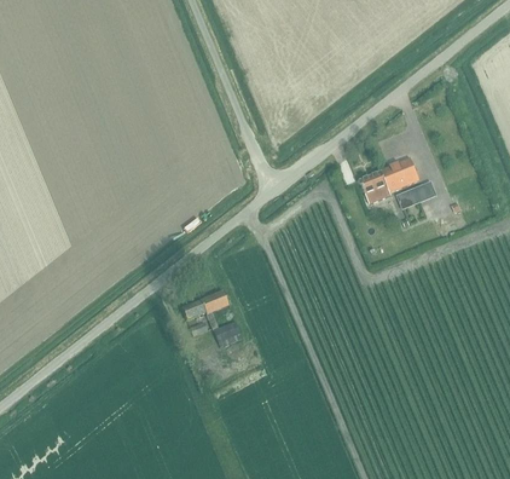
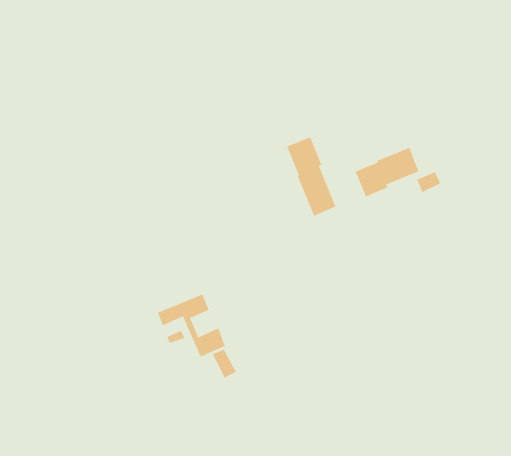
building: none -> [286,137,336,217]

